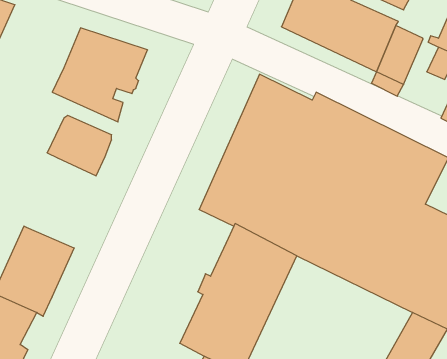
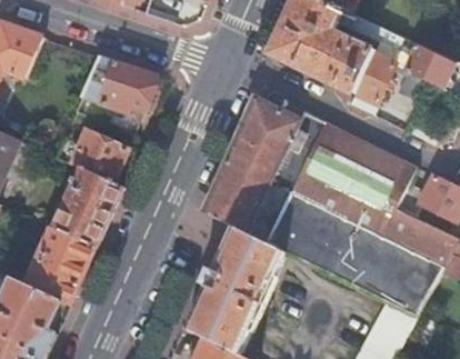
building: none -> [52,167,120,245]

